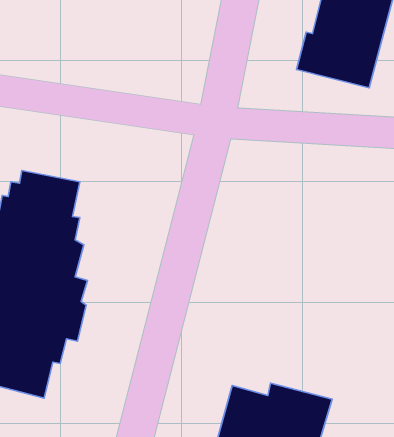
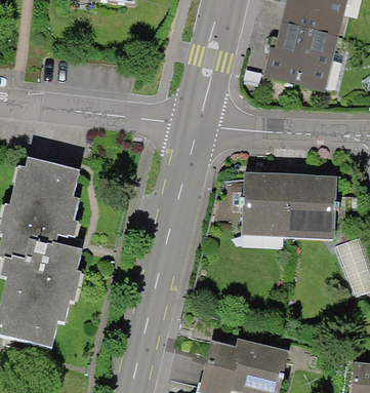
building: none -> [240,172,335,233]

